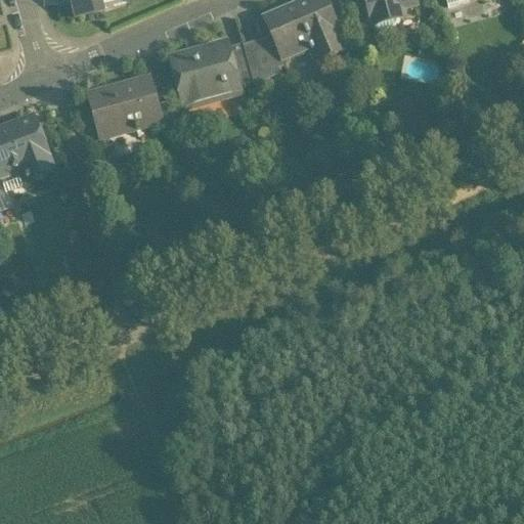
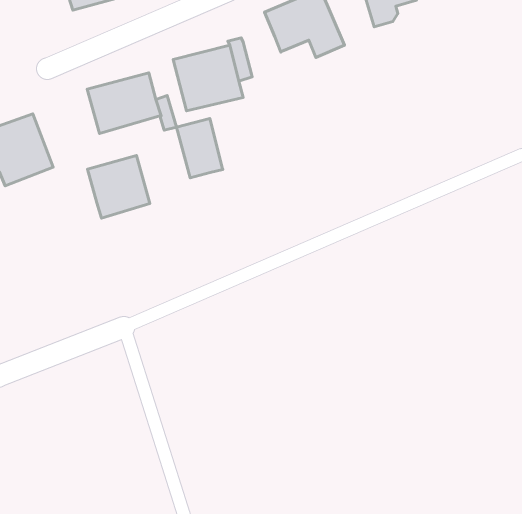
building: [243,36,285,80] -> none
building: none -> [176,119,223,178]
building: none -> [88,155,150,218]

